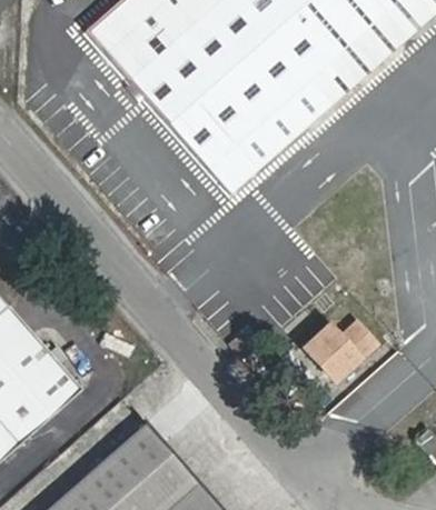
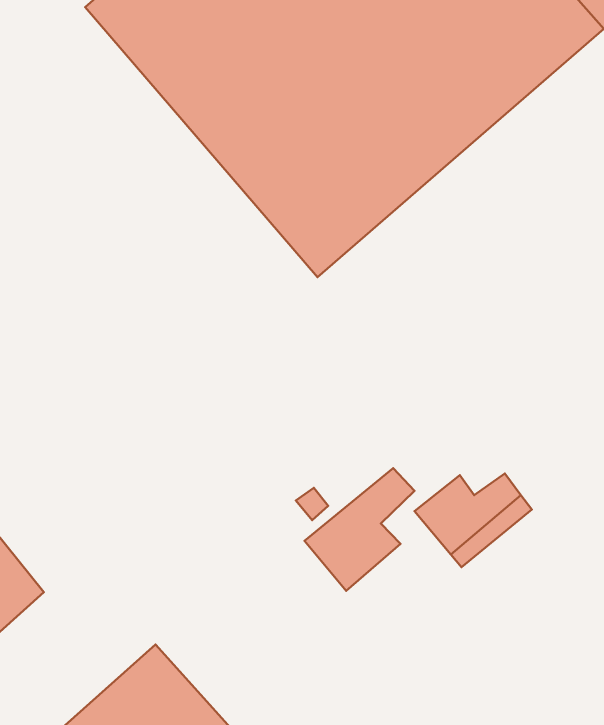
building: none -> [305,468,414,591]

